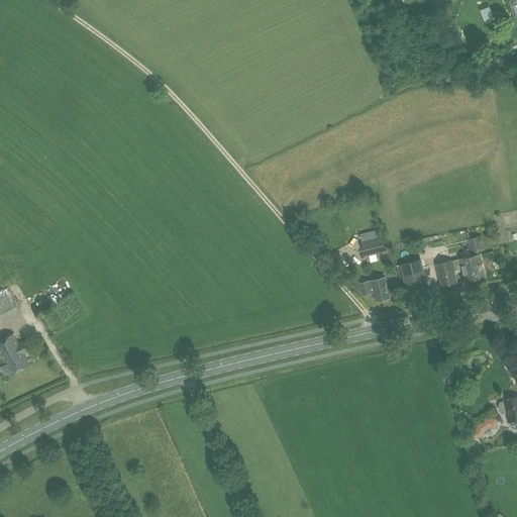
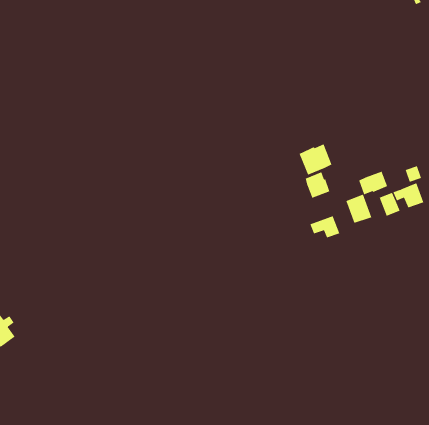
building: none -> [299,144,332,175]
building: none -> [358,171,388,195]

